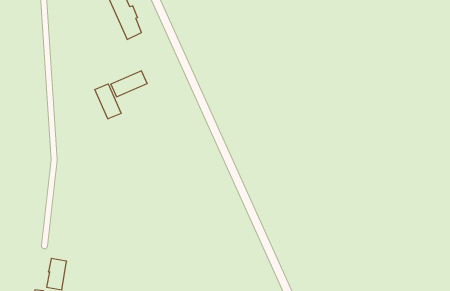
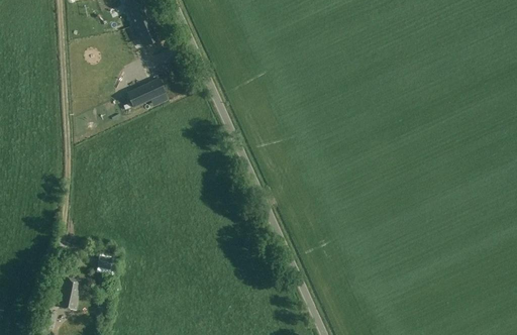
building: [95,84,121,119] -> none

